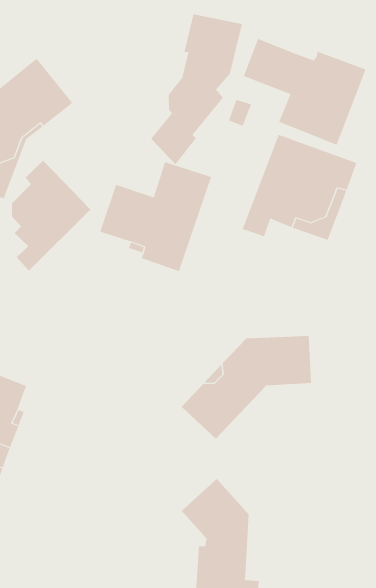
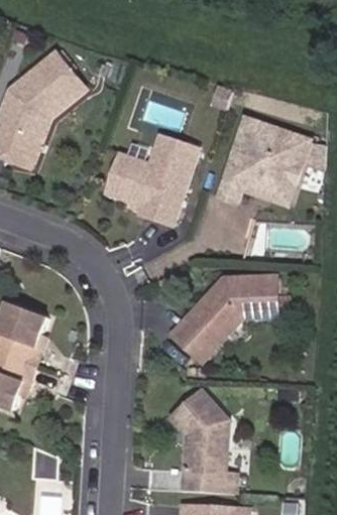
building: [150,13,243,165] -> none
building: [243,38,366,146] -> none
building: [11,160,91,272] -> none

